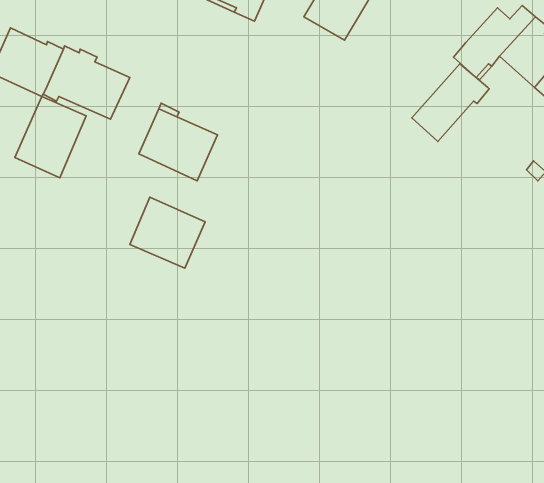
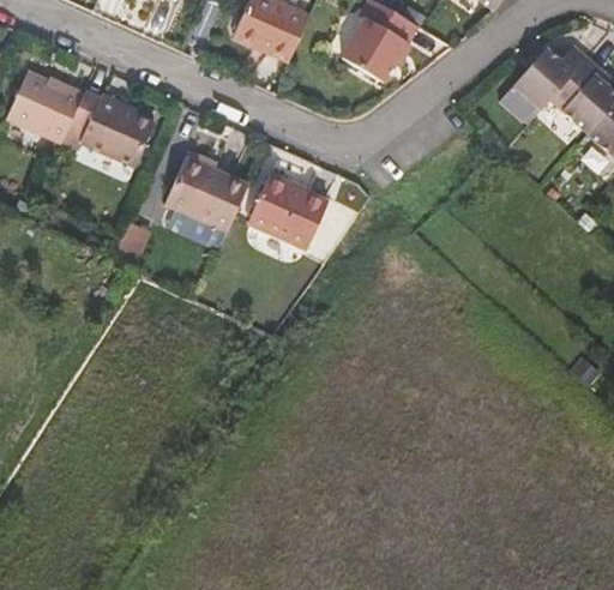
building: [412,64,489,141] -> none
building: [15,97,86,178] -> none
building: [130,197,205,268] -> [247,173,327,248]

